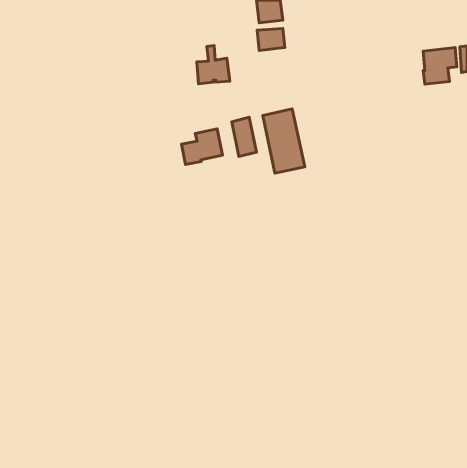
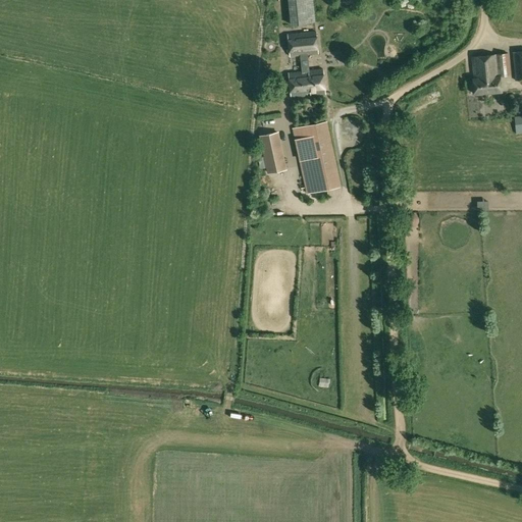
building: [197,45,230,84] -> [288,54,324,97]
building: [181,129,222,164] -> none

